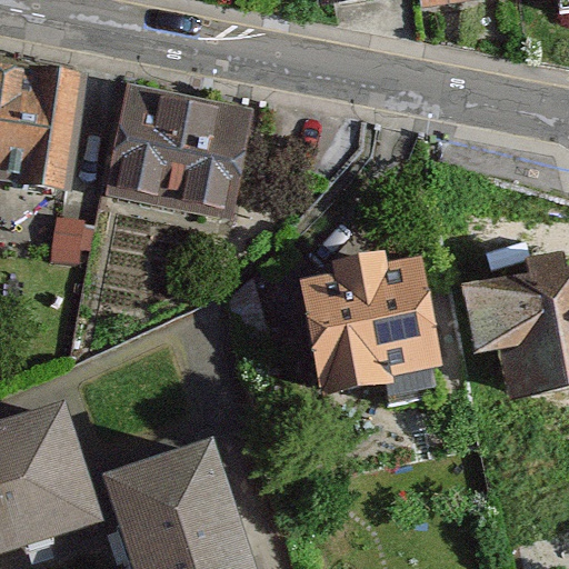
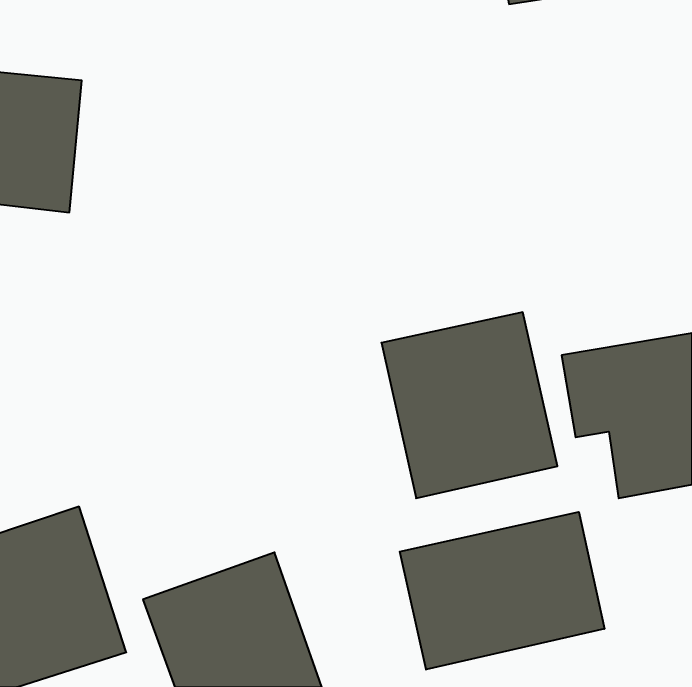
building: [110,76,227,218] -> none
building: none -> [400,512,604,670]

